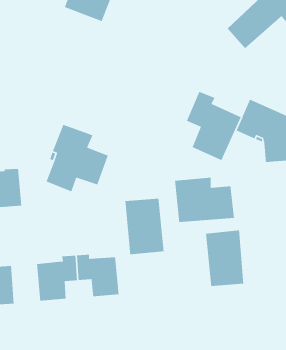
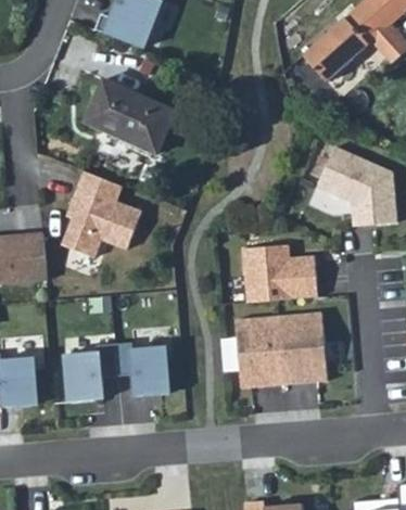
building: none -> [91,81,179,150]
building: [186,91,242,161] -> none
building: [124,198,164,255] -> [232,315,282,386]

